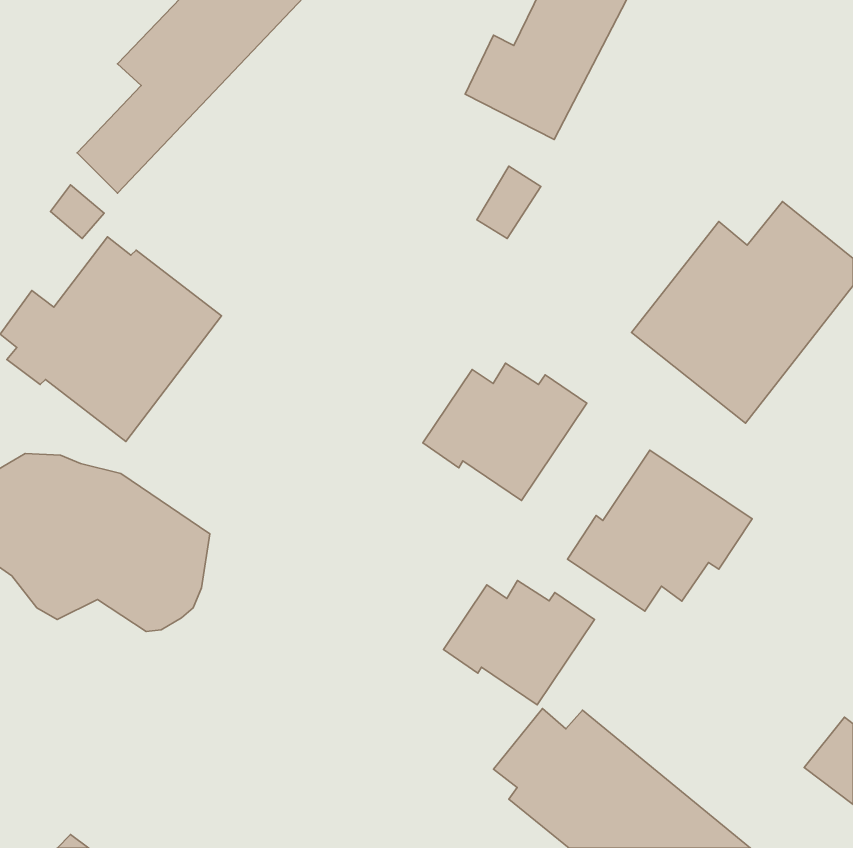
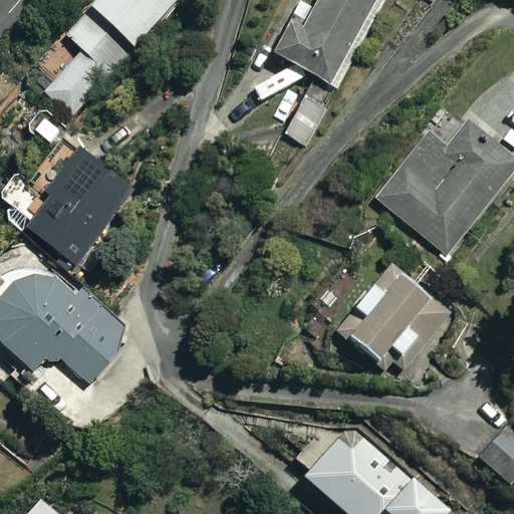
building: [423,363,587,501] -> none
building: [444,580,595,705] -> none

